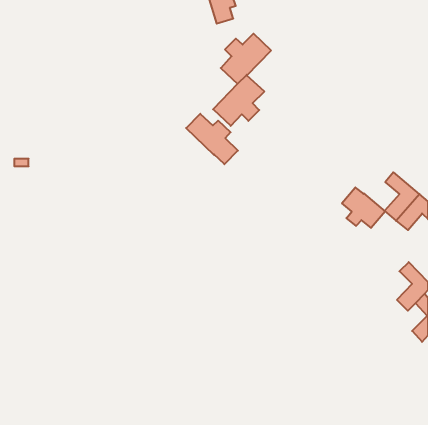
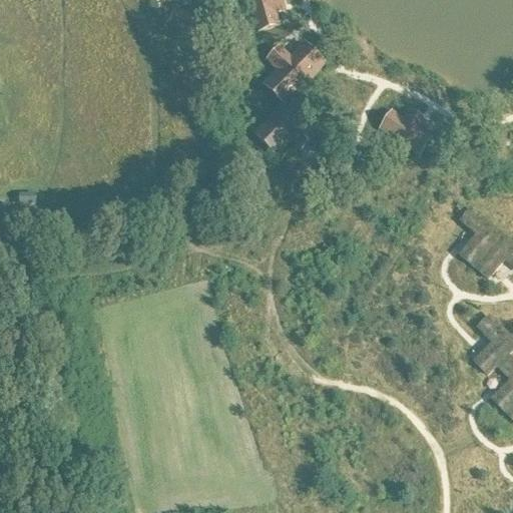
building: none -> [380,108,430,151]
building: [186,114,238,164] -> none
building: [342,187,385,228] -> none

